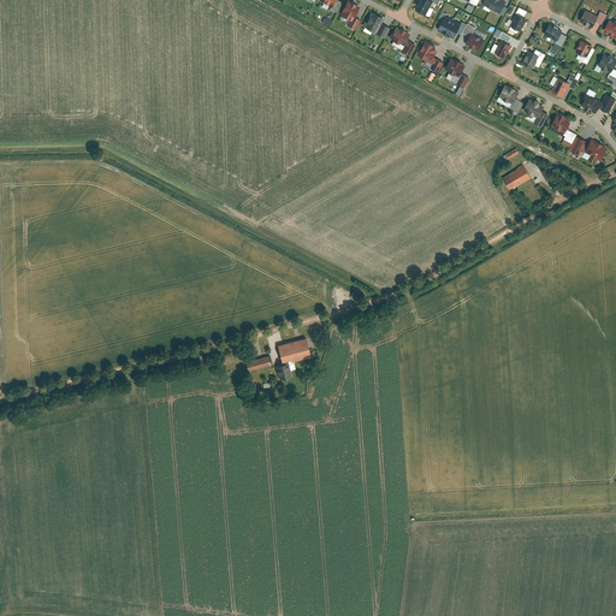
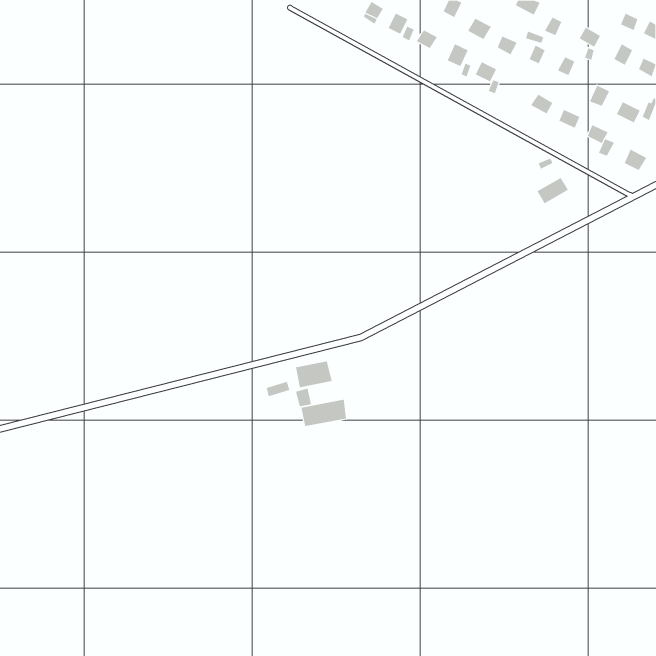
building: none -> [301,399,347,427]

